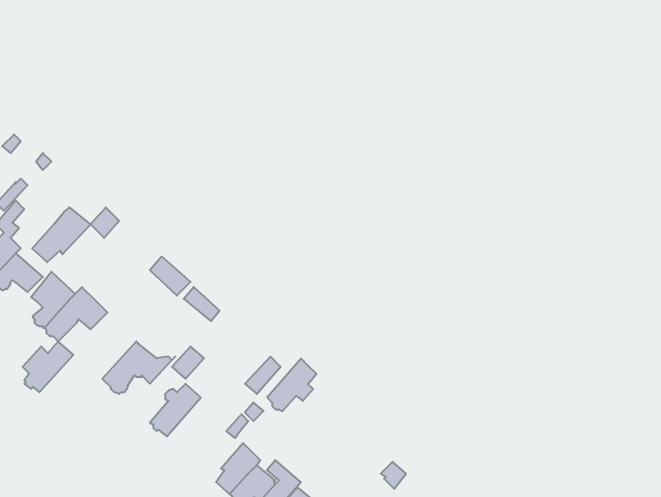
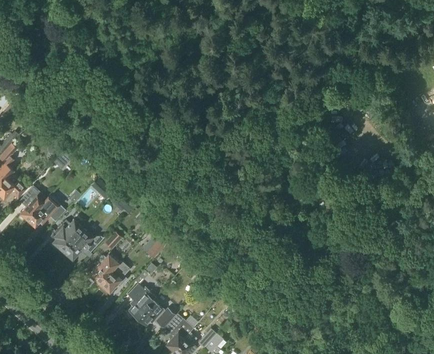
building: [32,207,91,262] -> none
building: [23,341,73,392] -> [52,220,82,250]
building: [267,359,316,411] -> [100,261,129,292]

